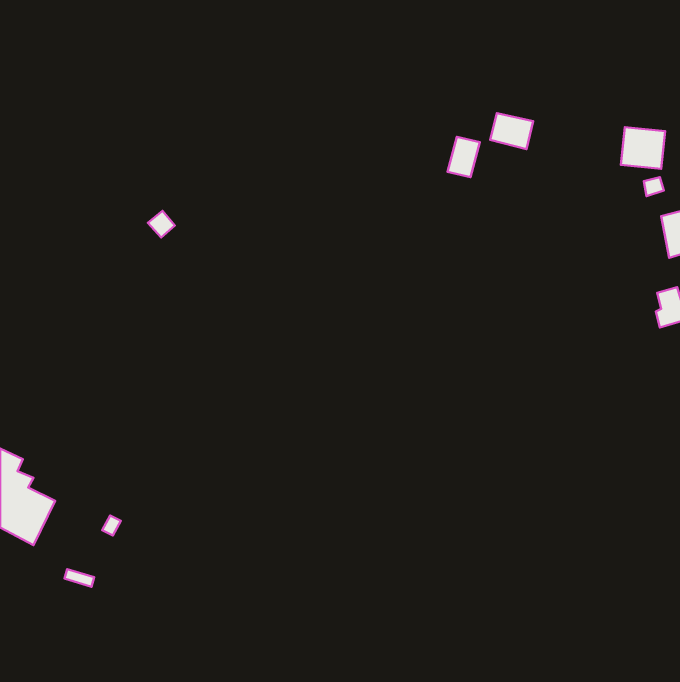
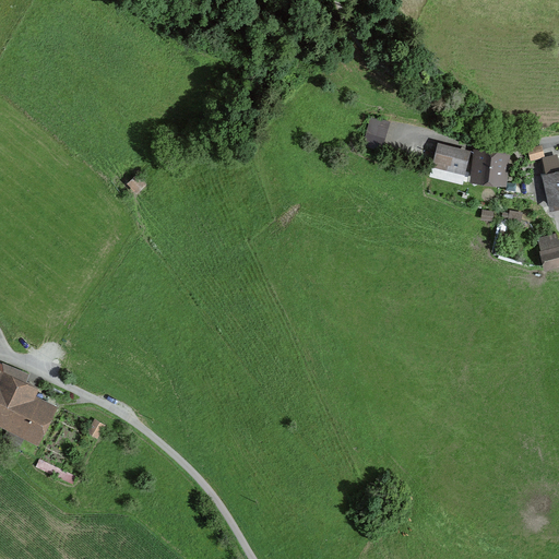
building: [490,113,533,149] -> [431,144,466,174]
building: [621,127,665,169] -> [471,152,507,186]

